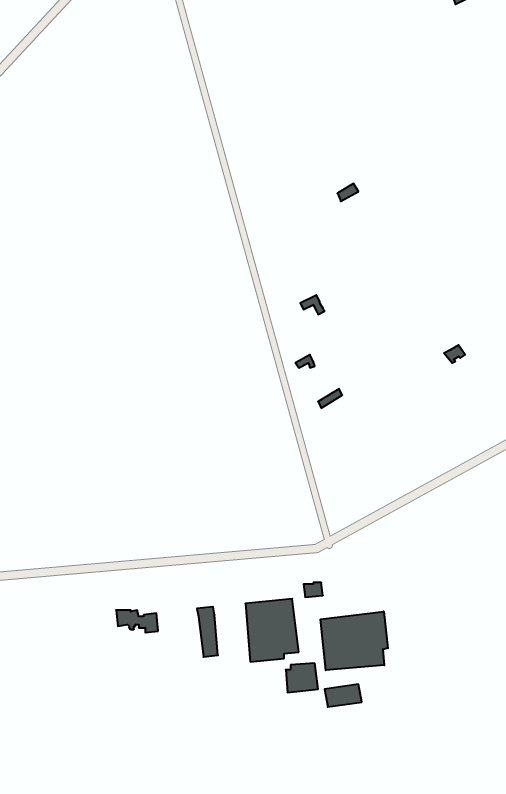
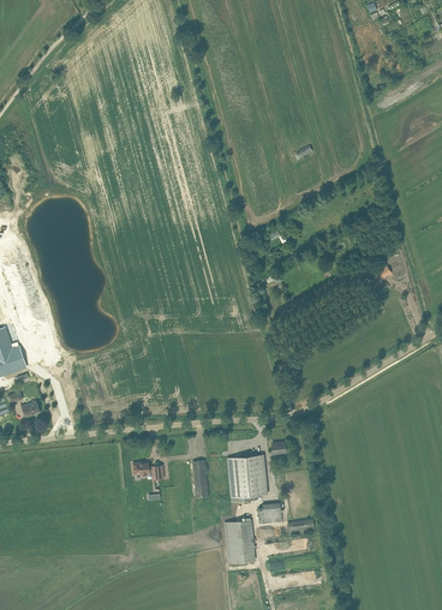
building: [321,611,388,670] -> none
building: none -> [225,520,256,564]

